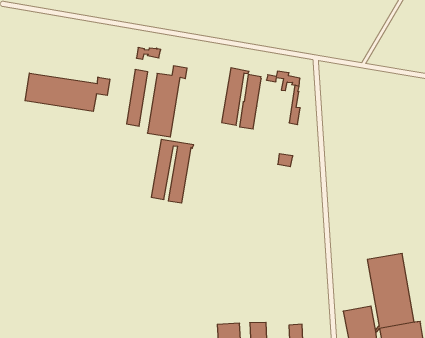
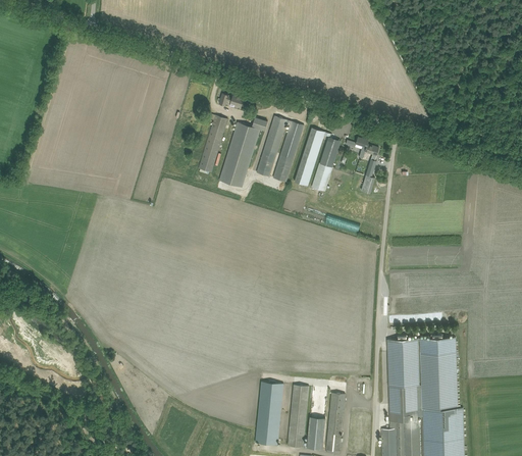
building: [25,73,110,111] -> none
building: [151,139,194,203] -> [256,116,306,183]
building: none -> [386,336,419,387]

